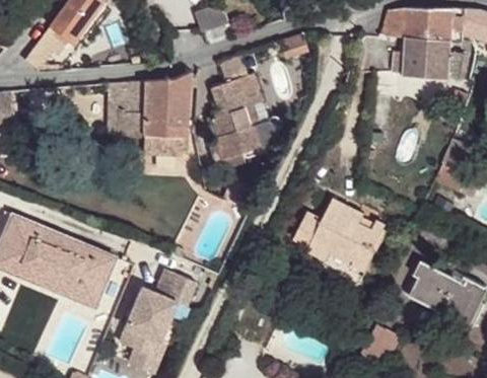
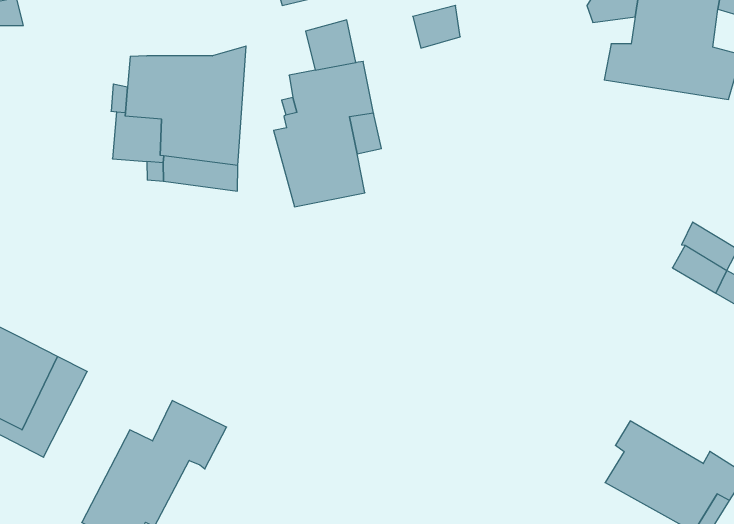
building: [291,200,382,273] -> none

